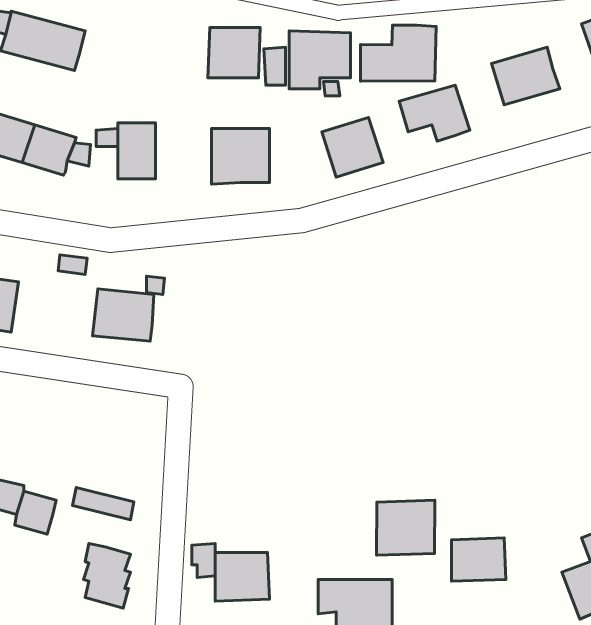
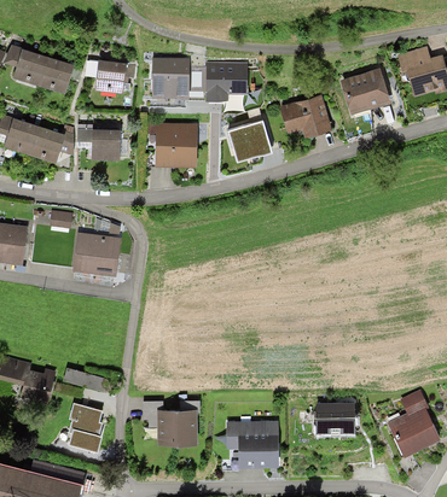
building: [360,25,436,81] -> none
building: none -> [97,64,124,93]
building: [377,500,435,555] -> none

